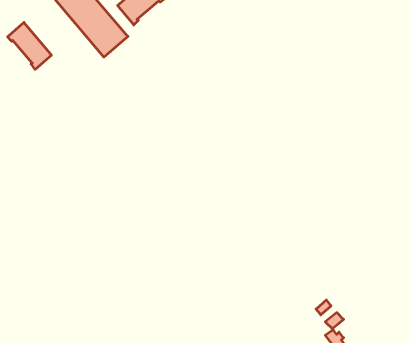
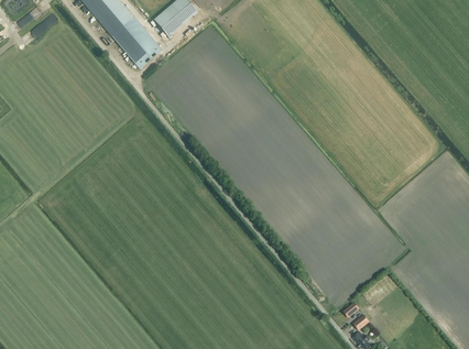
building: [8,22,51,69] -> none

